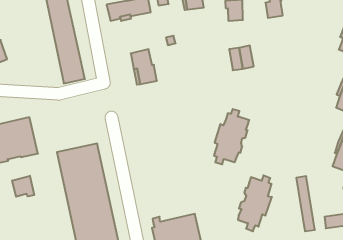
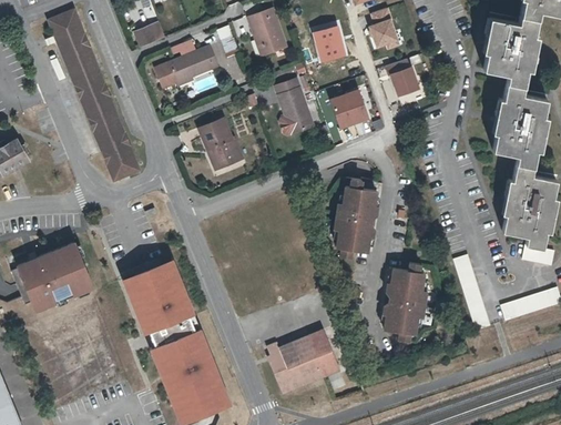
building: none -> [275,78,315,134]
building: none -> [386,59,419,95]
building: [12,176,34,197] -> none

